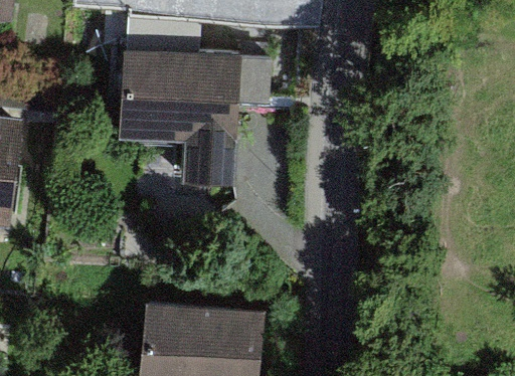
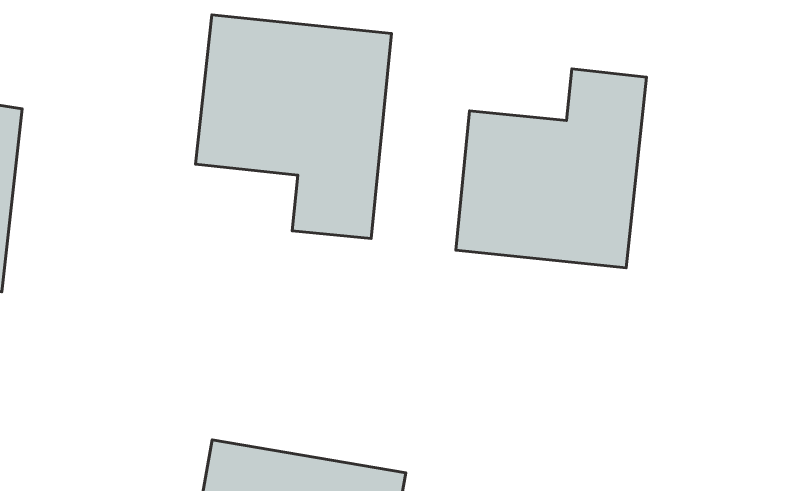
building: none -> [456,69,647,268]

